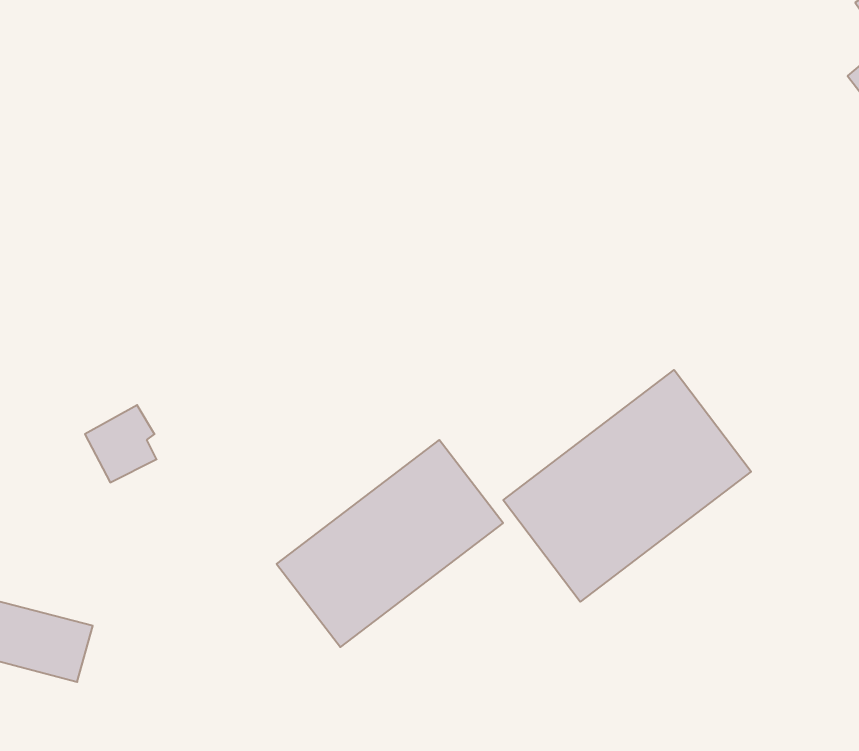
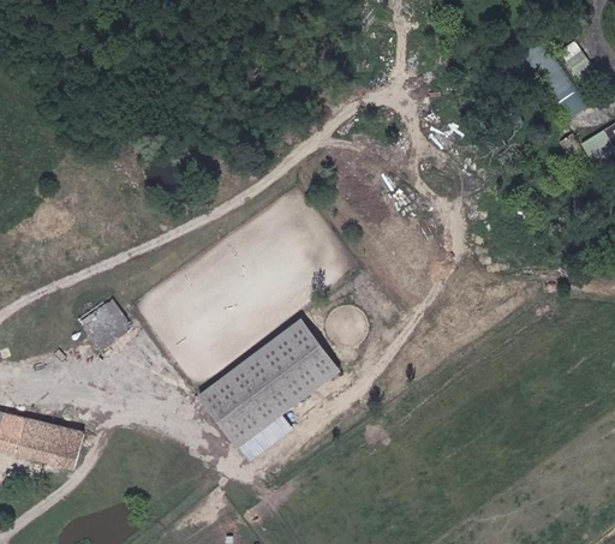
building: [503,370,751,602] -> none

